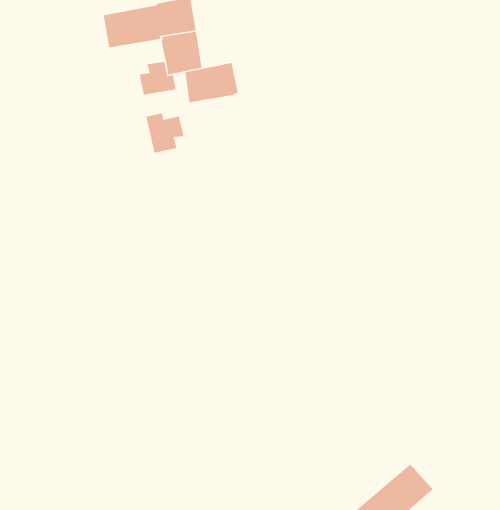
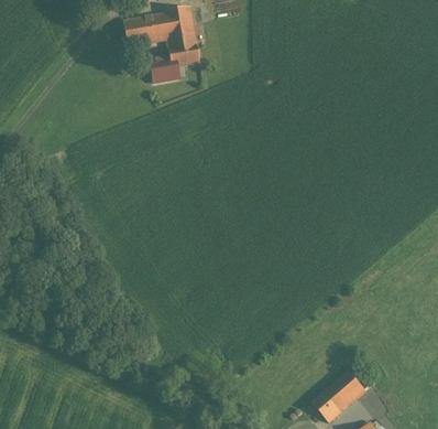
building: [185,62,239,103] -> none
building: [145,112,185,153] -> none

